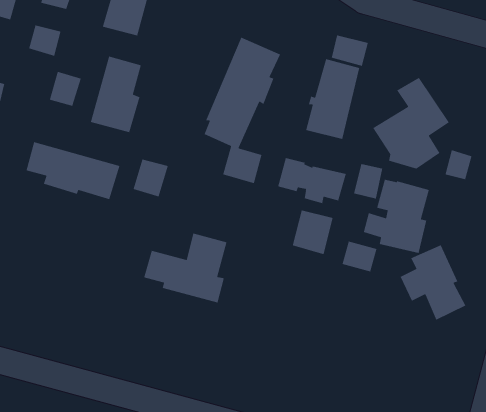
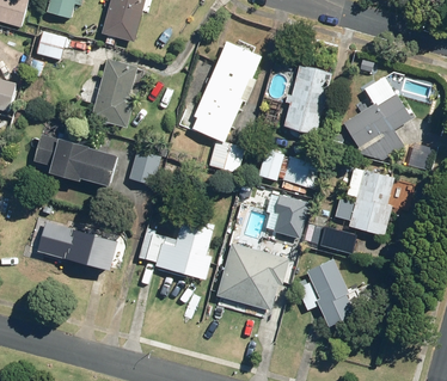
building: [331,35,369,67] -> none
building: [49,71,82,107] -> none
building: [353,163,383,200] -> none
building: none -> [37,221,118,271]
building: [400,244,466,321] -> [296,259,356,327]
building: none -> [216,242,289,311]

